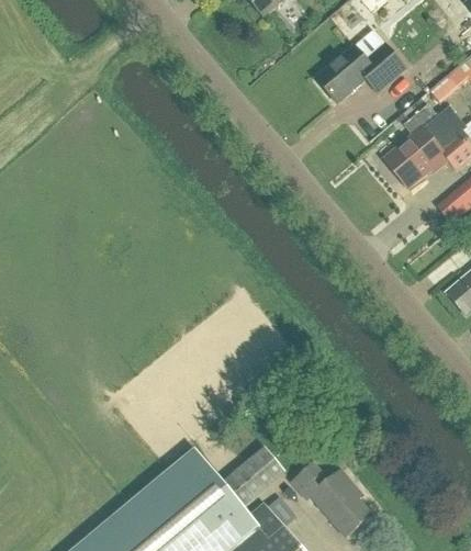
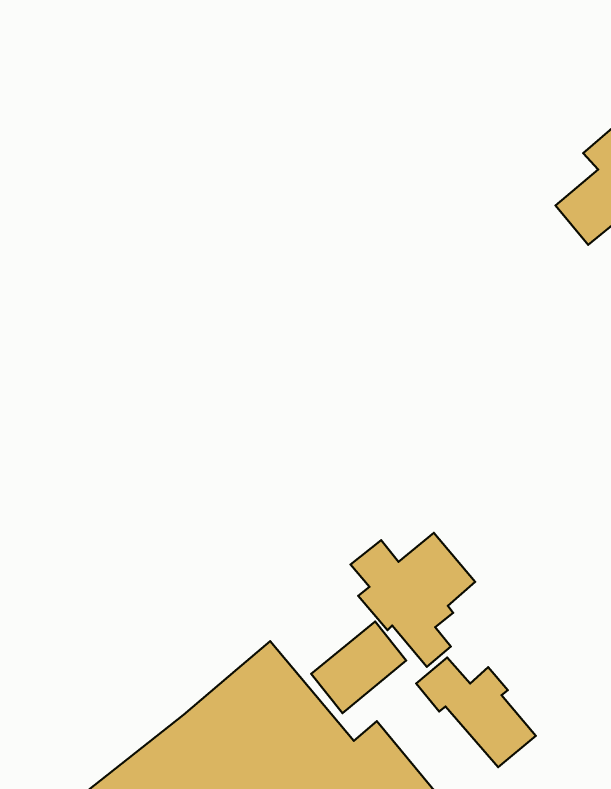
building: [316,43,406,102] -> none
building: none -> [351,533,475,667]

